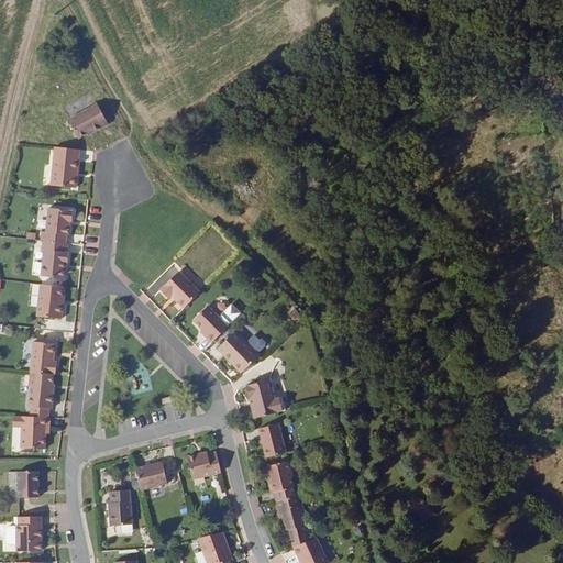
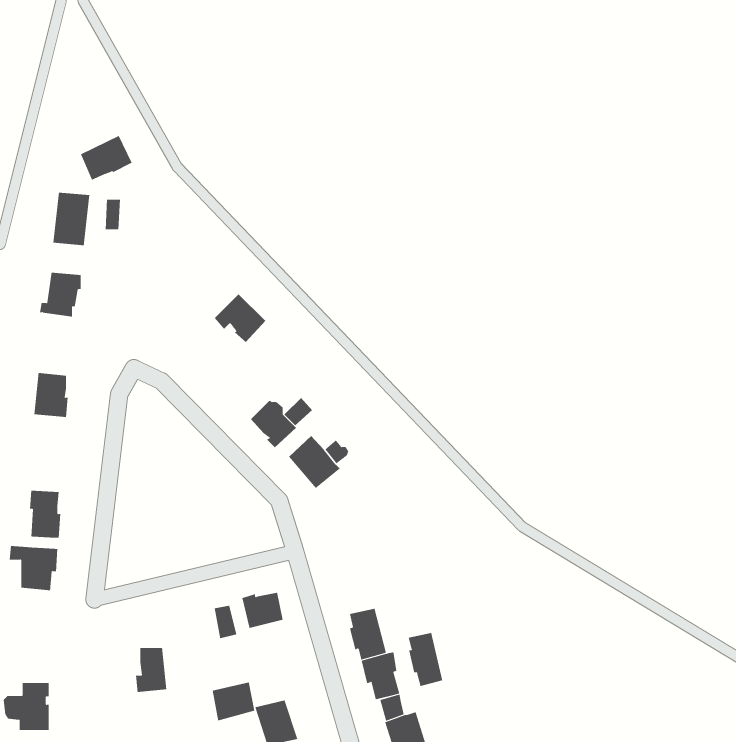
building: [35,238,63,277] -> none
building: [161,268,200,306] -> [214,293,266,343]
building: [29,342,53,374] -> none
building: [247,379,288,417] -> none
building: [262,426,287,457] -> none
building: [134,461,167,490] -> [212,682,255,721]
building: [20,472,42,499] -> none
building: none -> [408,632,443,687]

